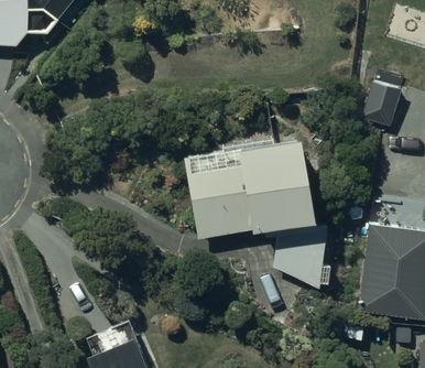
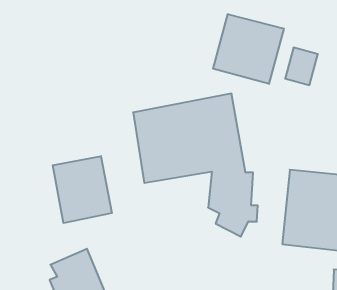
building: none -> [213,14,284,84]
building: none -> [53,156,112,223]

